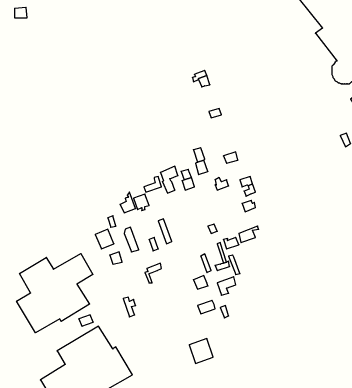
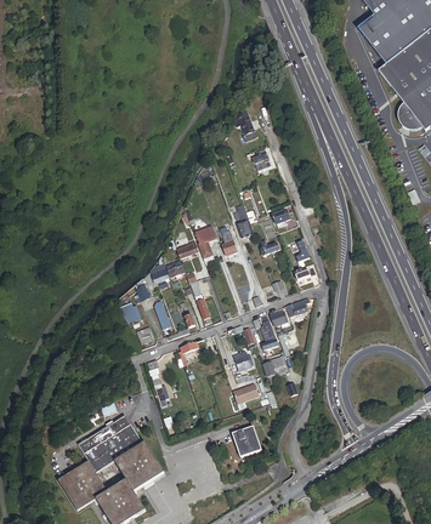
building: [17,254,93,333] -> none

